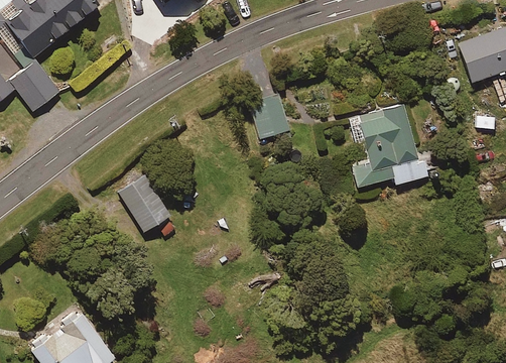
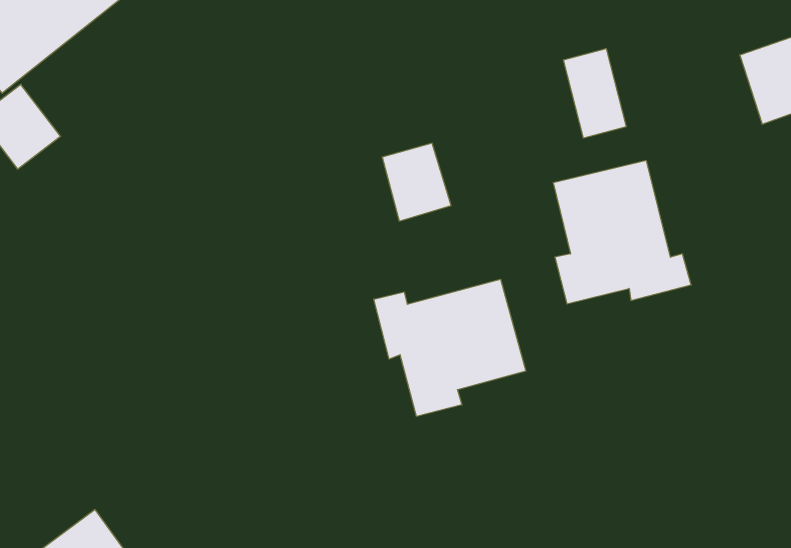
building: none -> [564,48,626,138]
building: none -> [374,279,526,416]
building: [120,175,179,239] -> none

